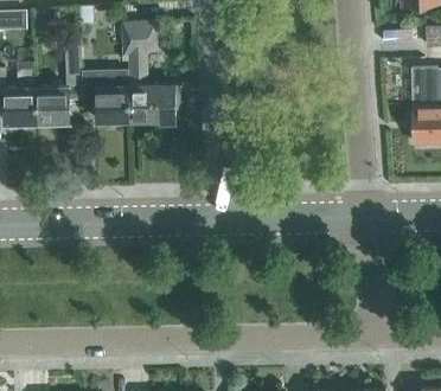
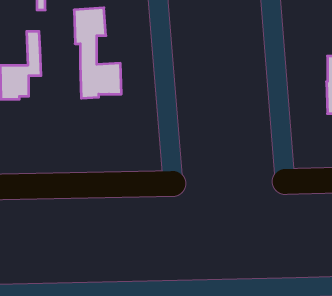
building: [83,70,130,126] -> none

